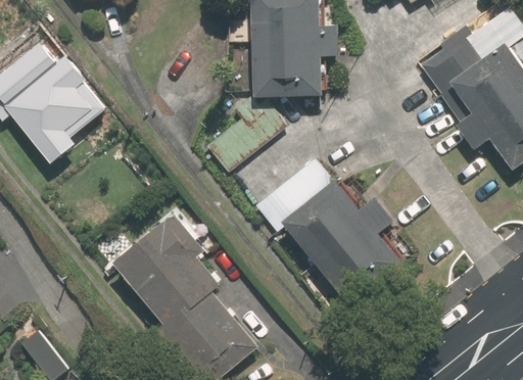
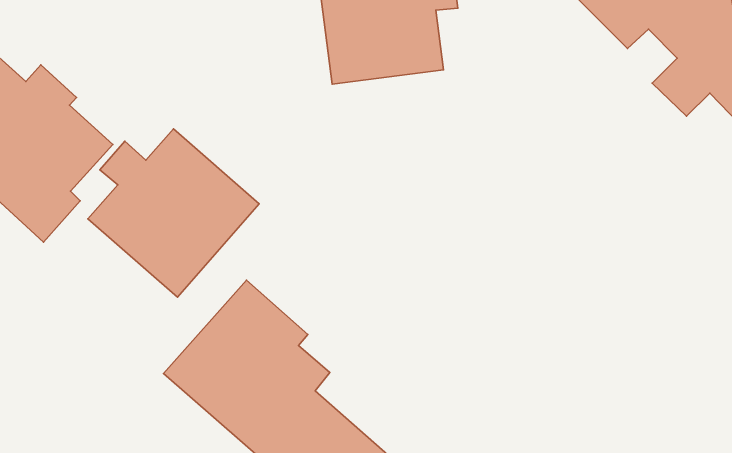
building: none -> [88,129,259,297]
building: [250,160,406,308] -> none

